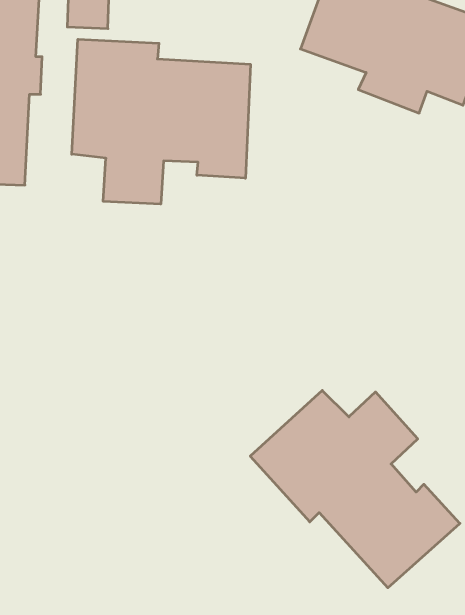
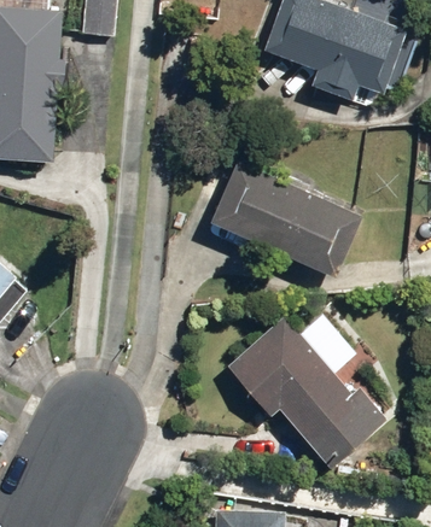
building: [72,39,250,204] -> none
building: none -> [209,158,360,276]

